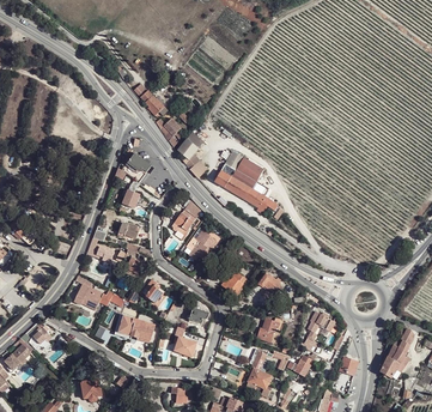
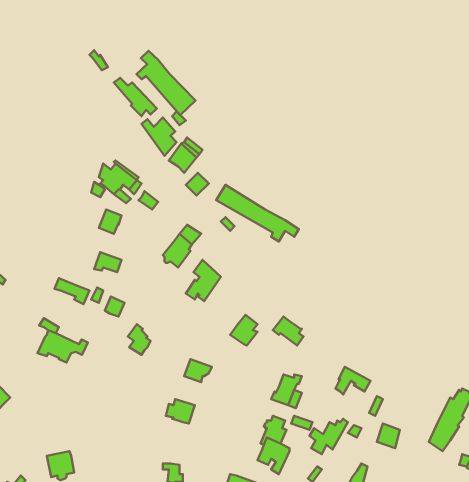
building: none -> [137,51,196,115]
building: [220,151,262,189] -> none
building: [115,314,154,340] -> none

